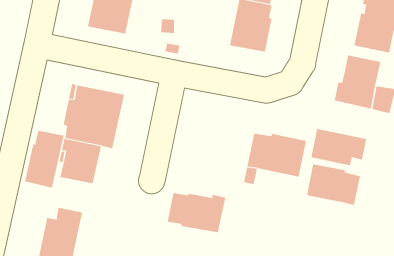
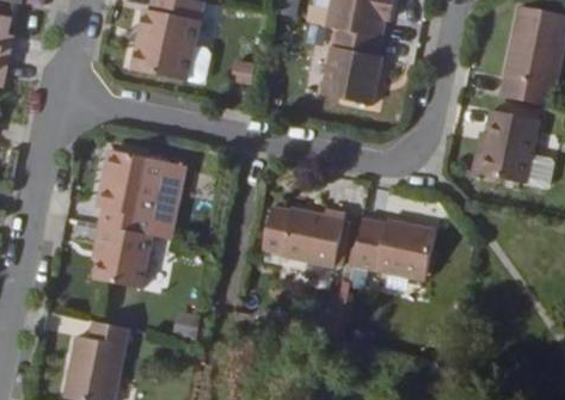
building: [311,128,367,166] -> none
building: [24,129,64,189] -> none
building: [307,163,360,206] -> none
building: [167,192,226,233] -> [260,208,343,264]

